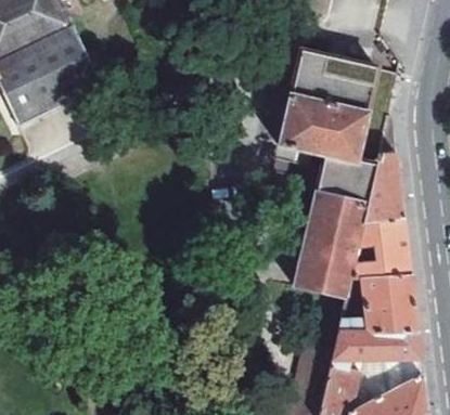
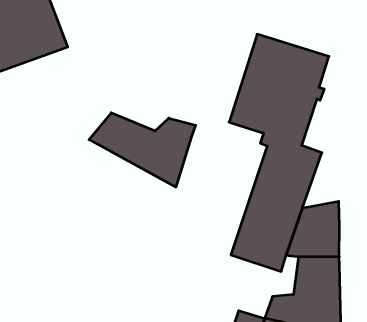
building: [367,117,403,228] -> none
building: none -> [89,113,196,187]

